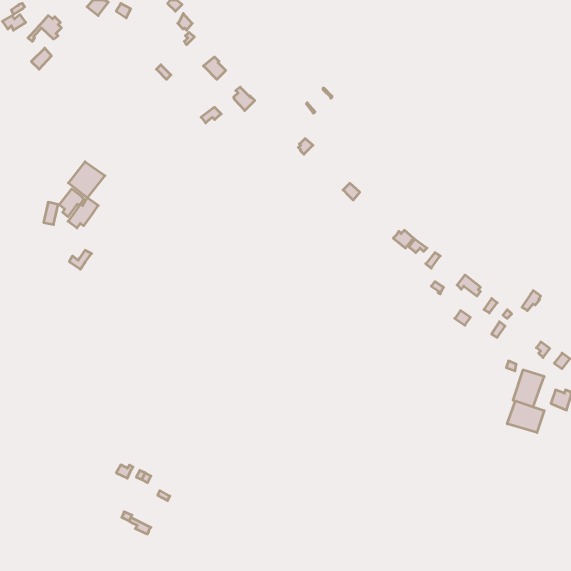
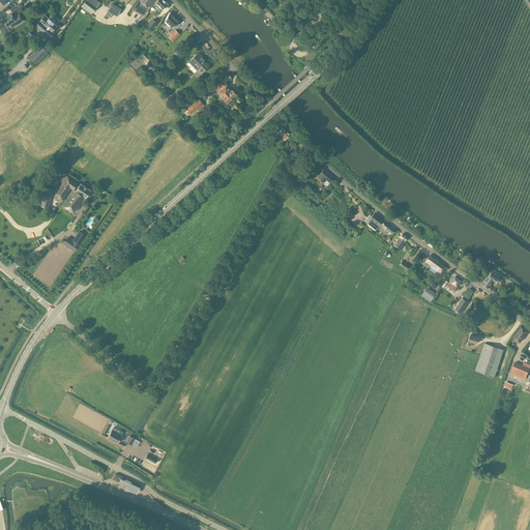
building: [68,162,105,198] -> none
building: [507,401,544,433] -> none

